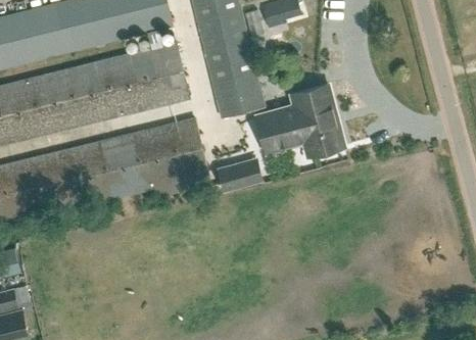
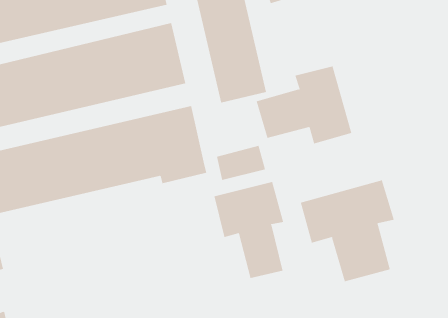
building: none -> [300,179,395,282]
building: none -> [214,181,284,279]

